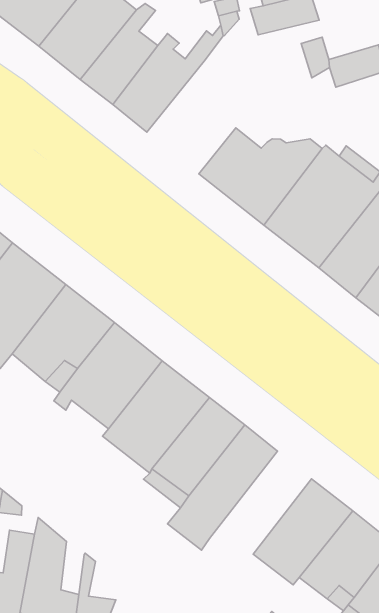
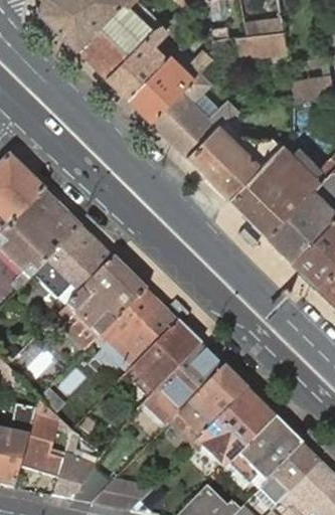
building: none -> [151,68,239,153]
building: none -> [165,365,245,448]

